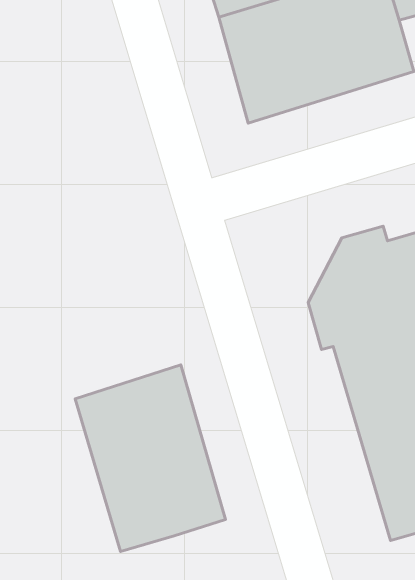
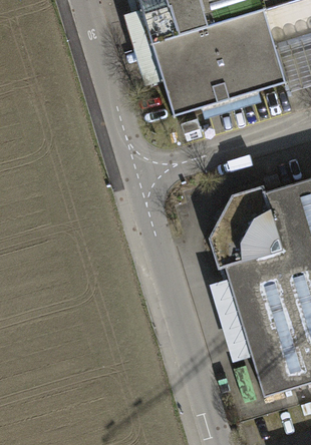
building: [75,365,226,552] -> none

